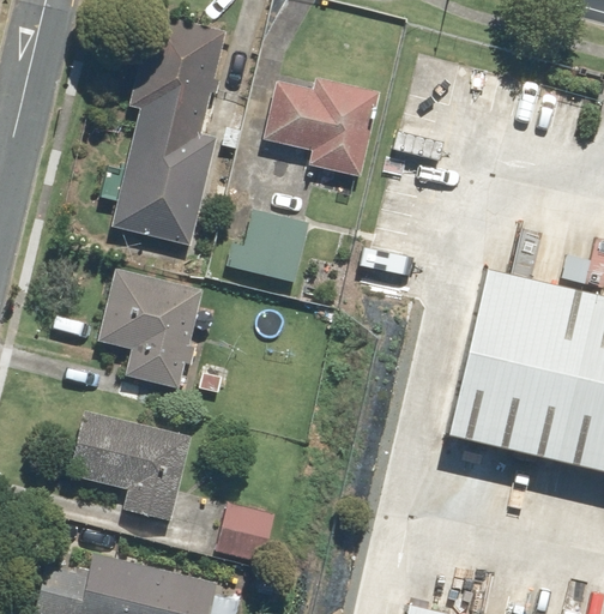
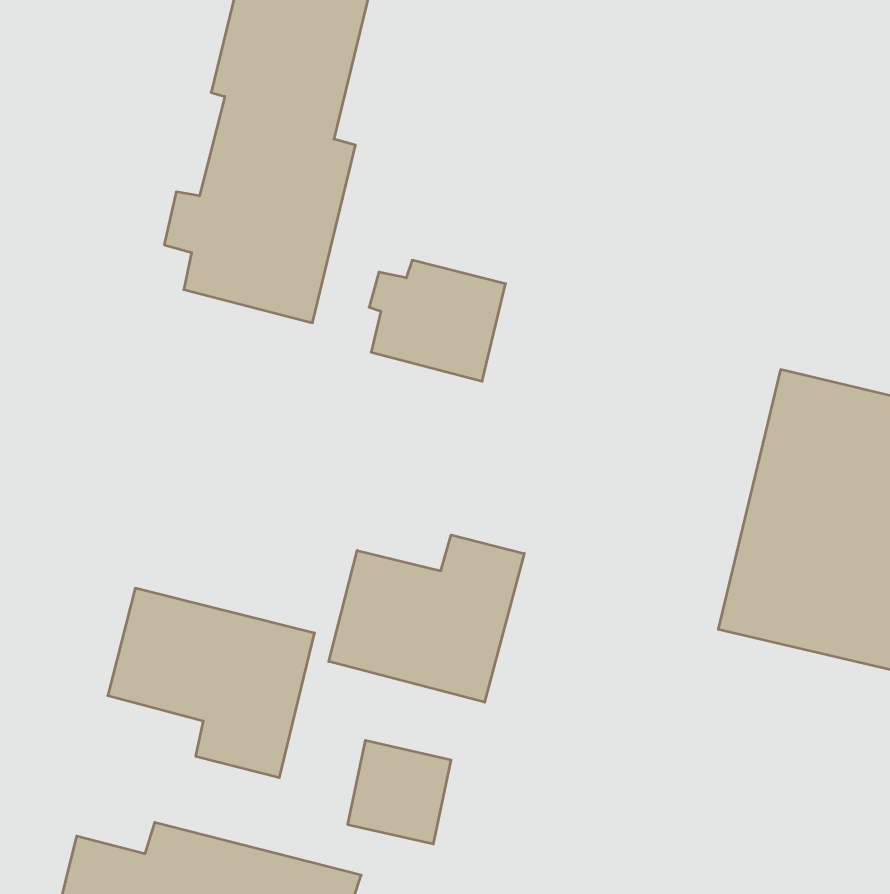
building: [266,78,379,175] -> none
building: [98,269,206,387] -> none
building: none -> [329,535,524,702]

